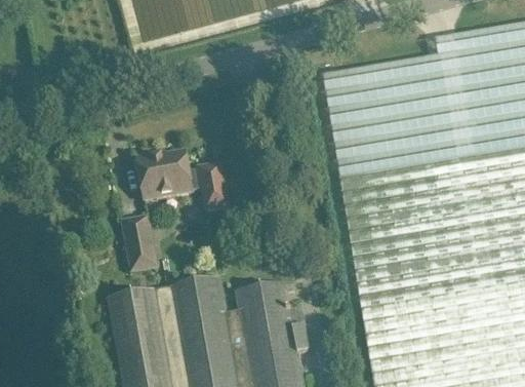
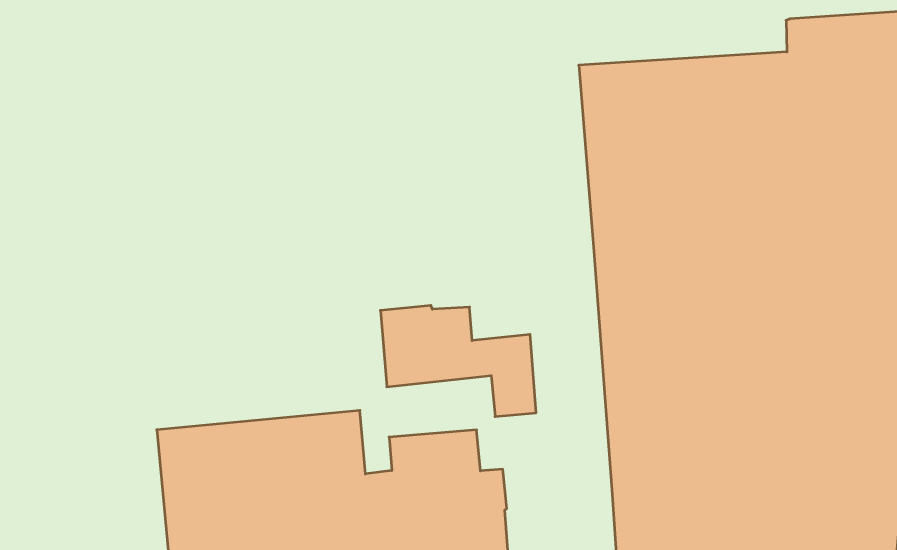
building: [137,153,229,212] -> [380,305,536,417]
building: [123,217,158,272] -> none

